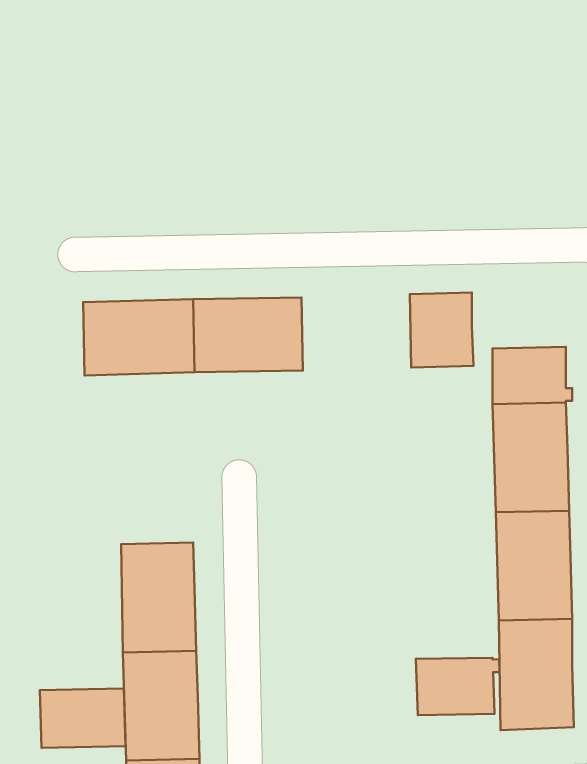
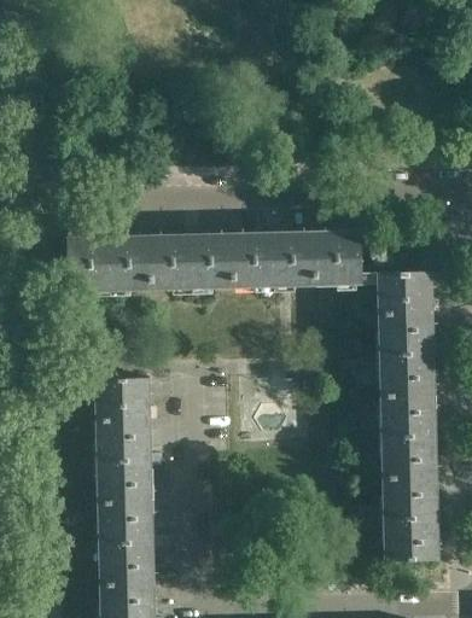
building: none -> [233,231,316,288]
building: none -> [95,377,156,420]
building: [416,658,500,715] -> none
building: [40,688,126,748] -> none

